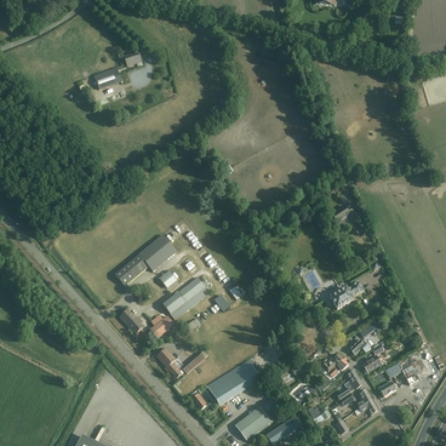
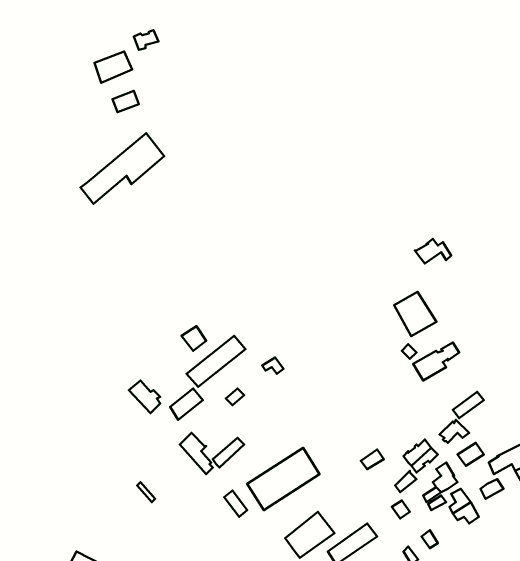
building: [114,235,176,287] -> [81,133,164,204]
building: none -> [394,292,436,336]

